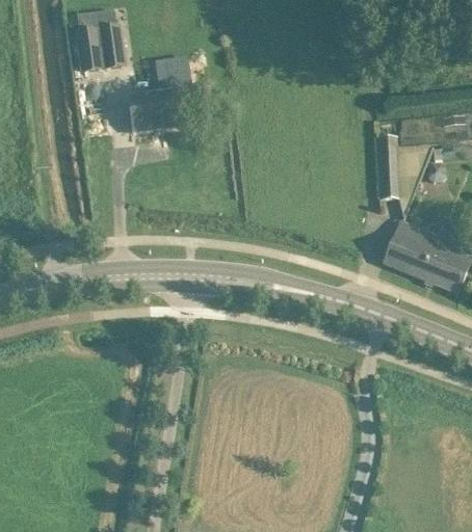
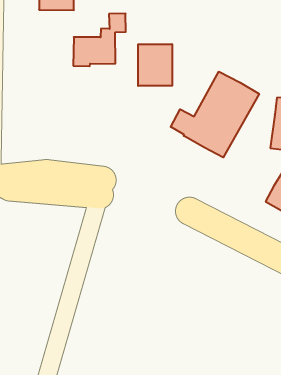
building: none -> [138,44,172,86]
building: none -> [171,72,259,157]

